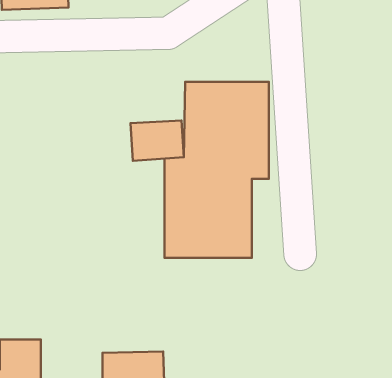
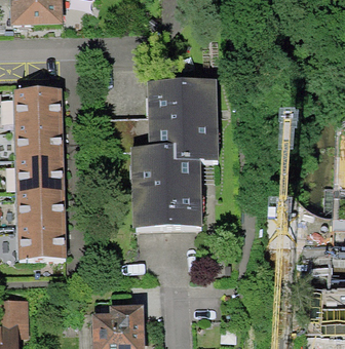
building: none -> [11,84,63,259]

